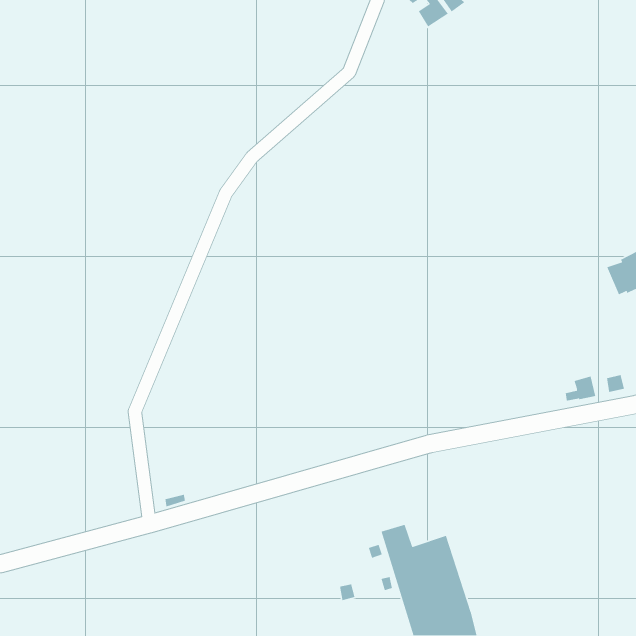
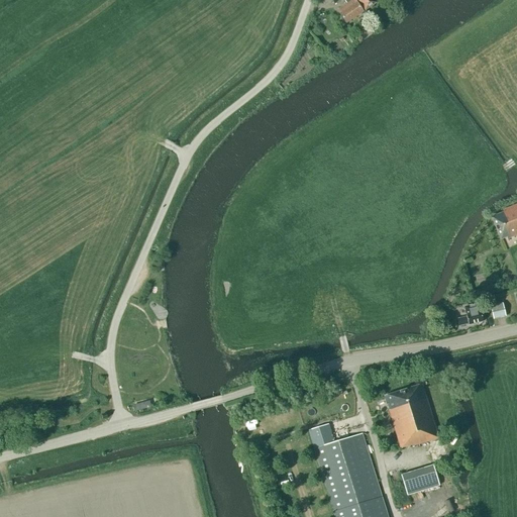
building: none -> [385,384,439,447]
building: none -> [402,464,440,495]

